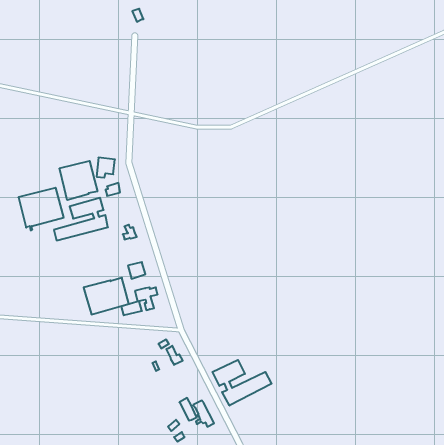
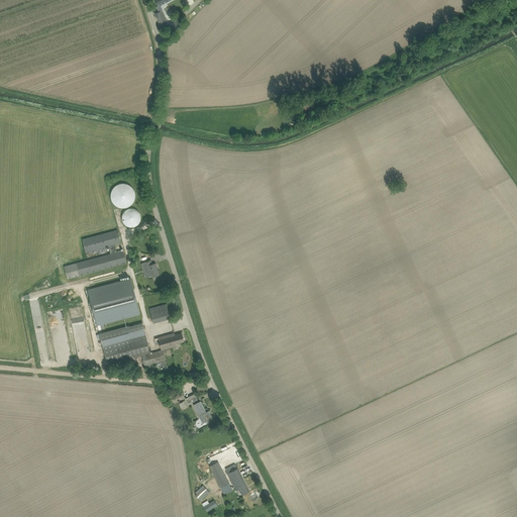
building: [60,161,97,200] -> none
building: [18,188,64,230] -> [87,279,139,328]
building: [212,360,272,406] -> none

